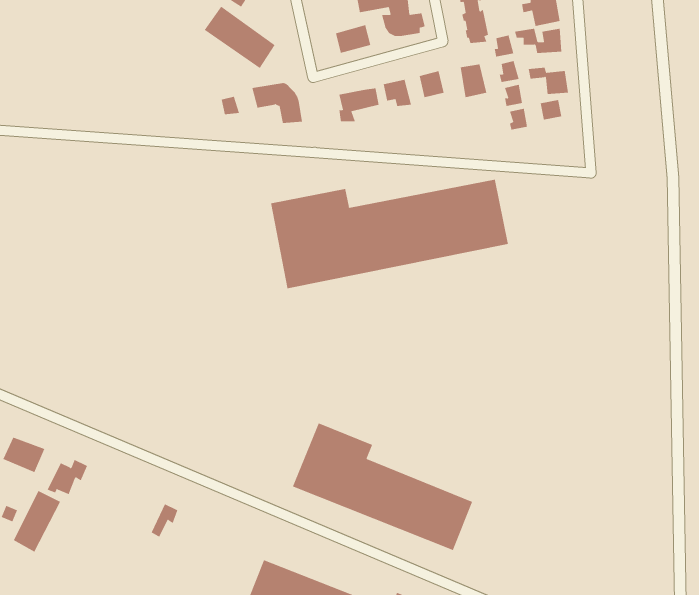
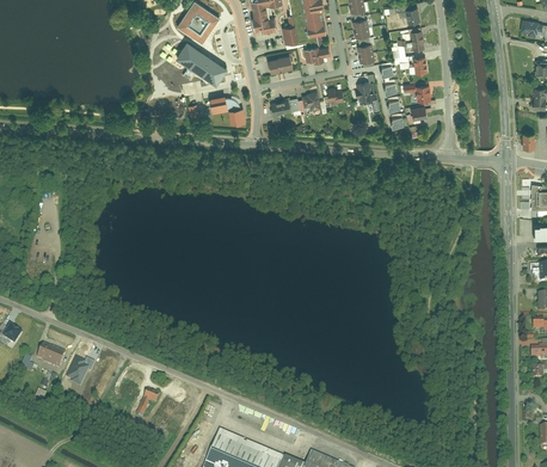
building: [271,179,508,289] -> none
building: [292,422,473,551] -> none
building: [13,490,61,552] -> none

